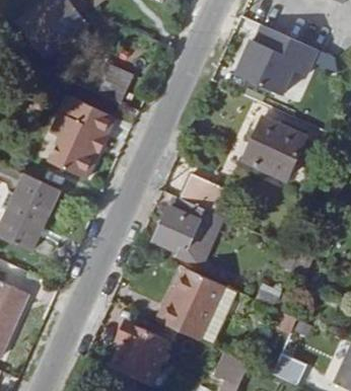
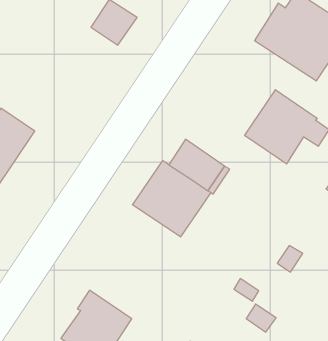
building: [51,92,115,175] -> none
building: [157,264,235,341] -> none

